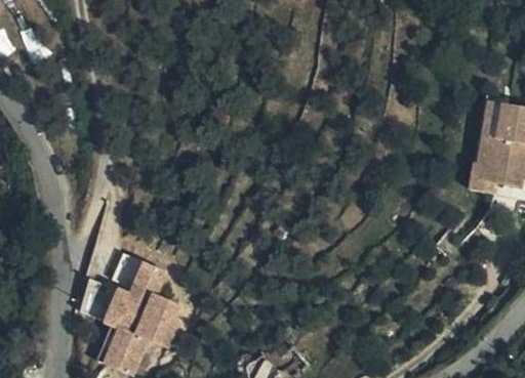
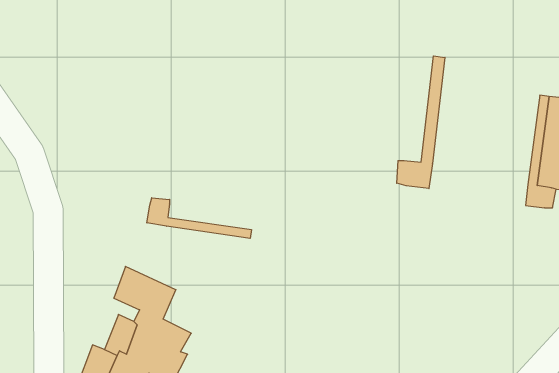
building: none -> [397,56,445,189]
building: none -> [147,198,251,238]

